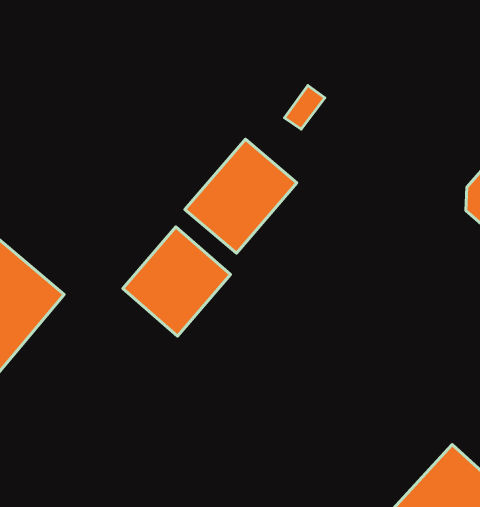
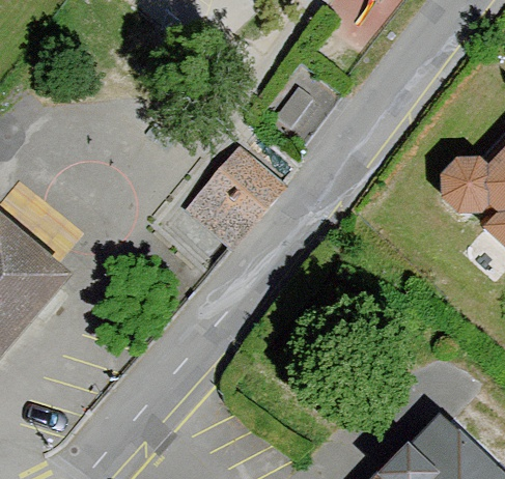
building: [123,227,231,336] -> none

